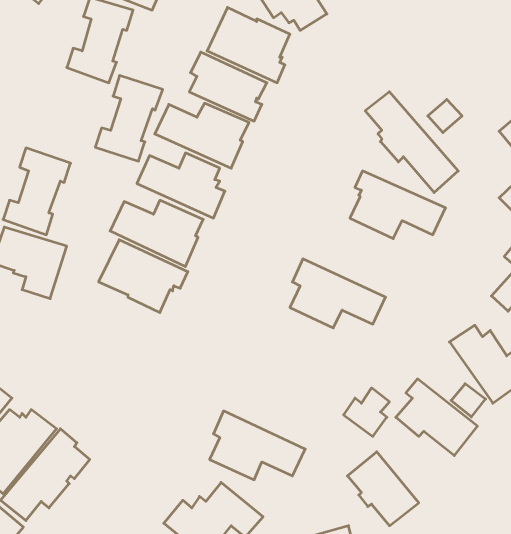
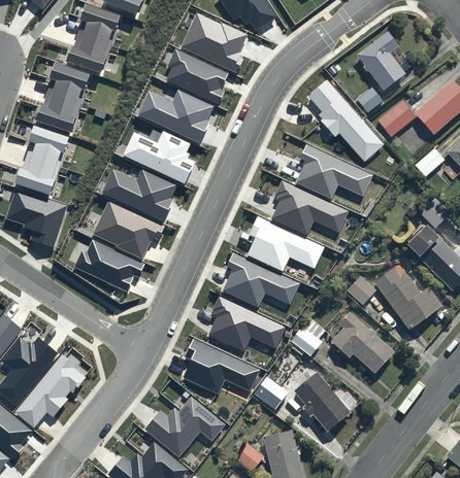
building: none -> [358,29,407,91]
building: [95,76,163,161] -> [35,63,90,132]
building: none -> [379,101,417,138]
building: none -> [270,179,348,235]
building: none -> [73,239,144,292]
building: none -> [222,251,299,307]
building: none -> [207,296,285,350]
building: [451,384,486,417] -> [350,277,377,304]
building: none -> [257,378,287,409]

